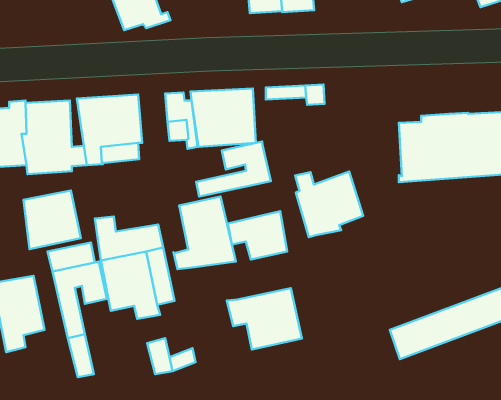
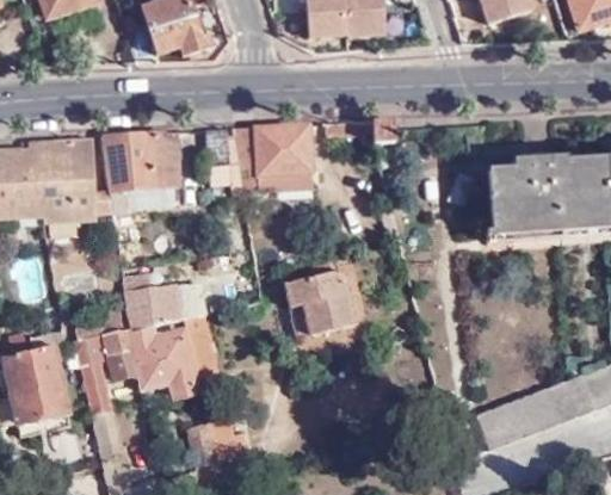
building: [196,142,271,197] -> none
building: [295,171,363,237] -> none
building: [24,191,81,249] -> none
building: [173,196,236,269] -> none
building: [227,288,302,350] -> none

